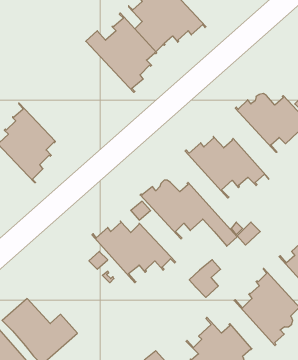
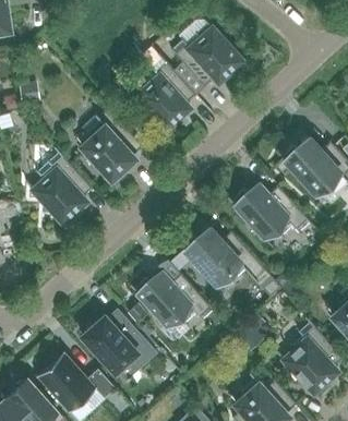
building: none -> [73,107,142,188]
building: none -> [80,311,155,374]

